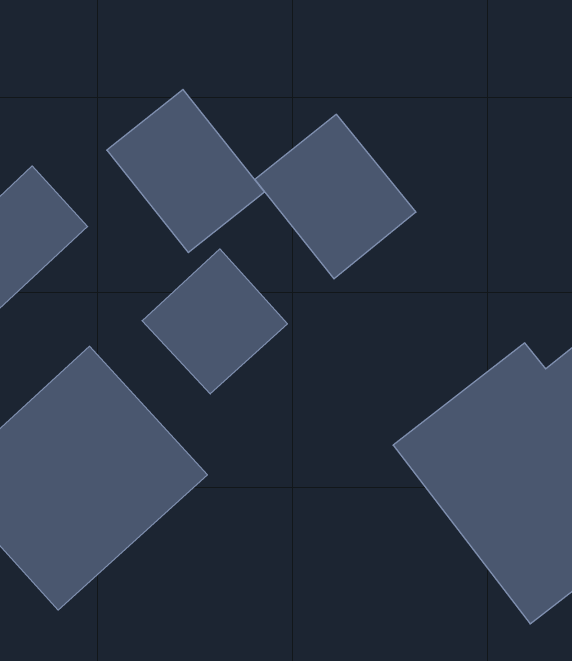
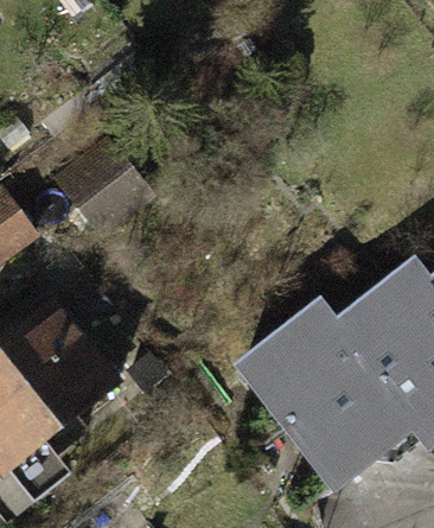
building: [255,114,416,279] -> none
building: [142,249,287,394] -> none

